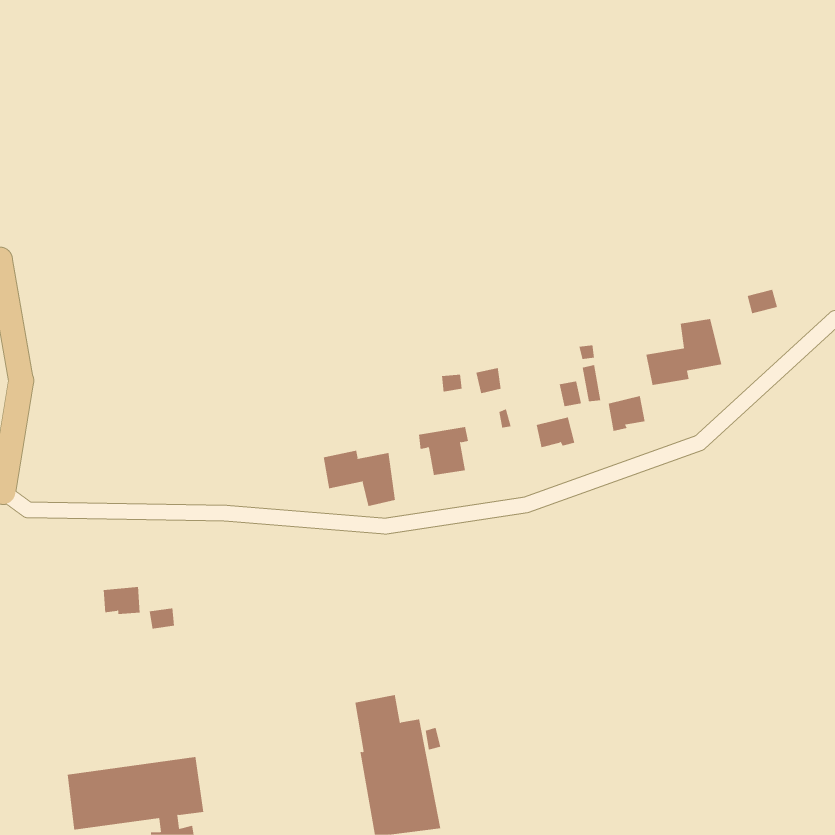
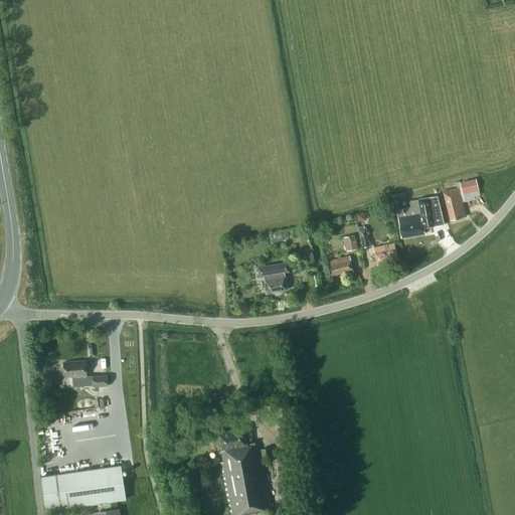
building: none -> [443,188,465,220]
building: [323,450,396,507] -> none

